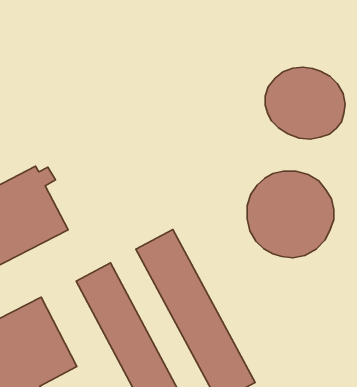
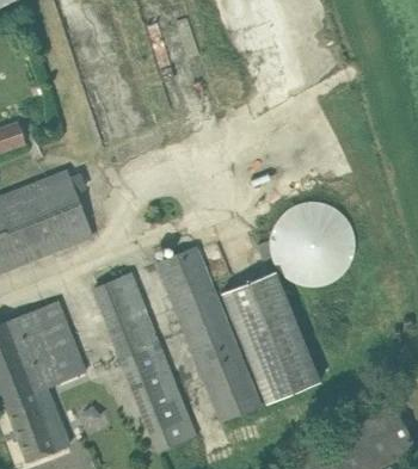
building: [265,67,345,139] -> none
building: none -> [220,271,320,403]

